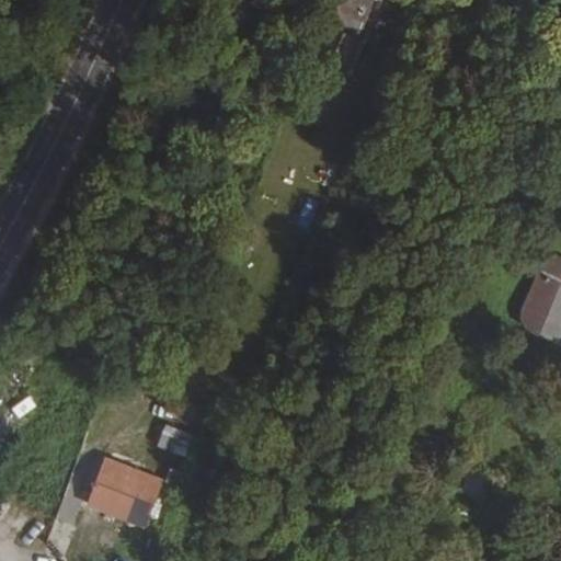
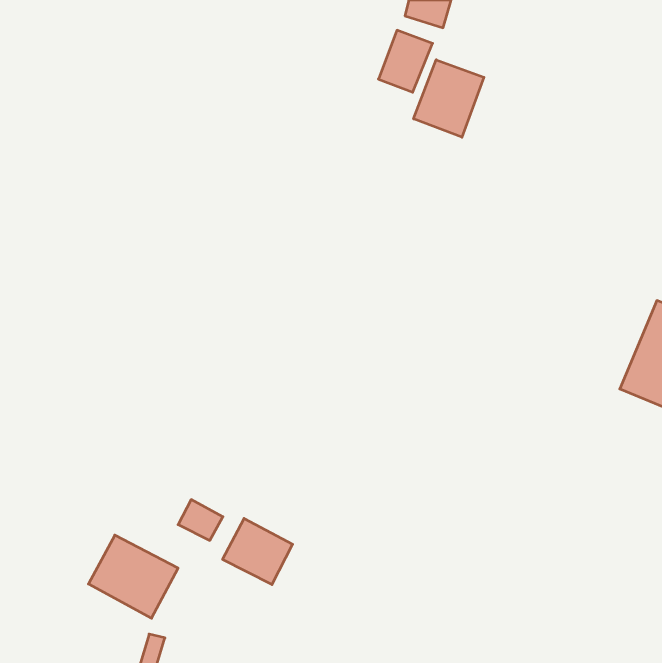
building: none -> [414,60,484,137]
building: none -> [223,518,293,585]

